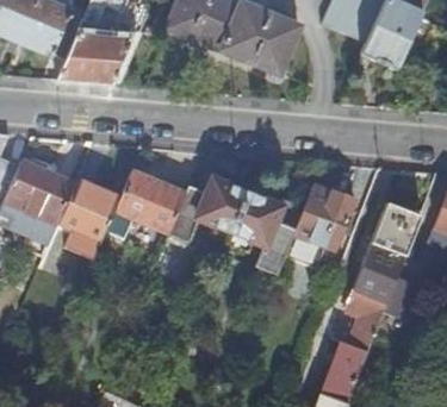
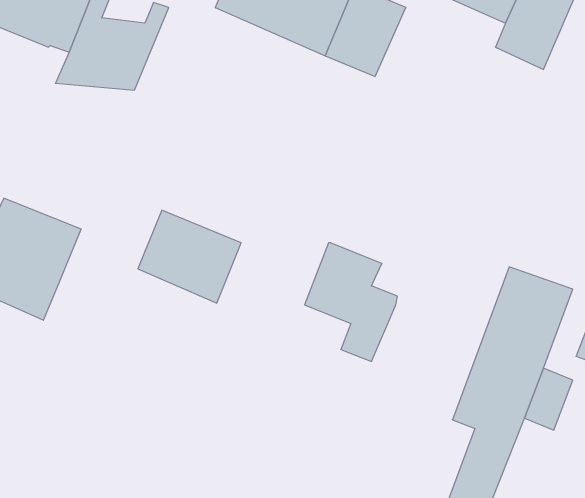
building: [169,174,248,239] -> none
building: [58,177,119,258] -> none
building: [293,181,355,249] -> none

